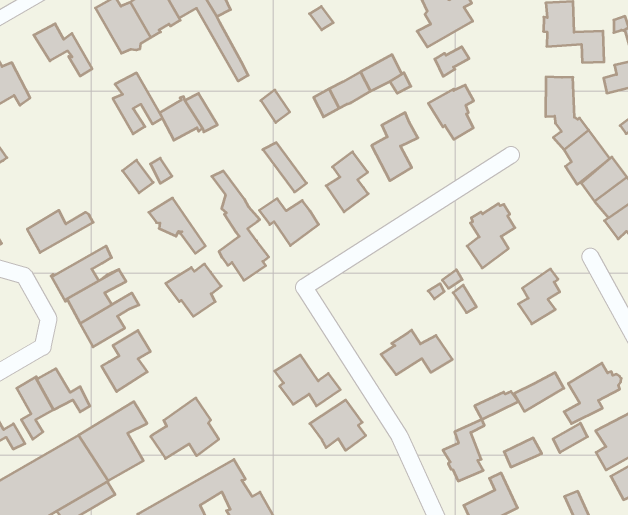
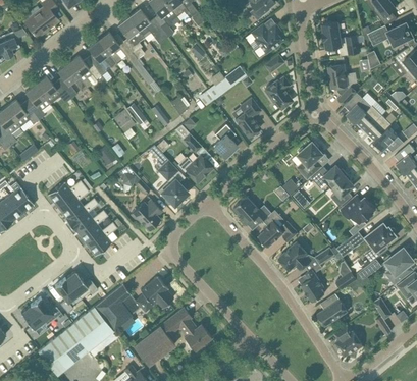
building: none -> [25,85,51,120]
building: [113,73,162,134] -> [57,64,87,99]
building: none -> [57,185,94,219]
building: none -> [312,166,347,188]
building: none -> [341,196,376,224]
building: [102,330,150,392] -> none
building: [275,355,340,406] -> [233,197,272,225]
building: [310,400,366,450] -> [278,242,311,271]

